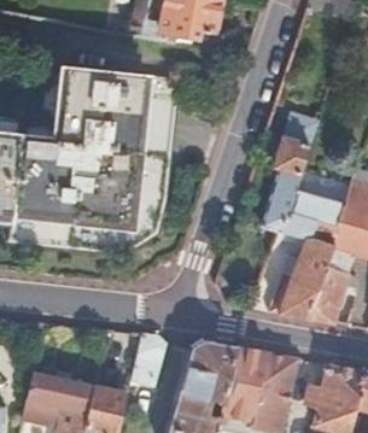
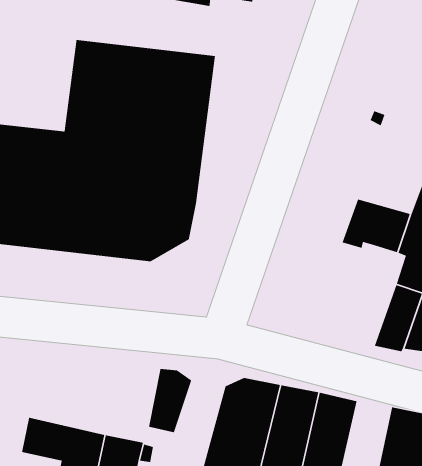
building: [251,134,312,233] -> none
building: [271,235,334,317] -> none

